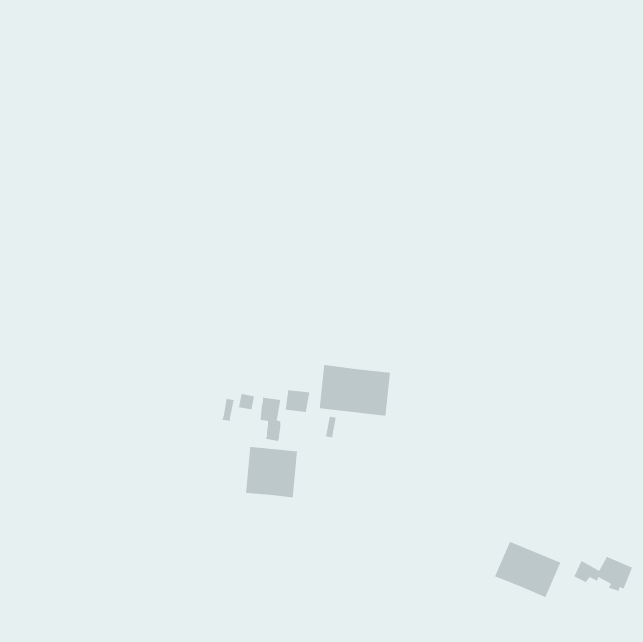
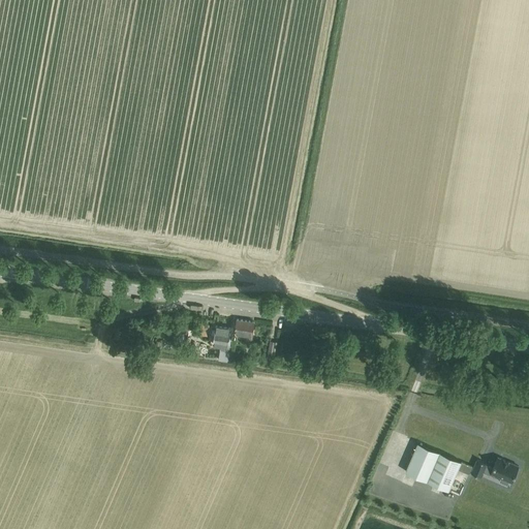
building: [319,364,390,417] -> none
building: [246,446,297,498] -> none

